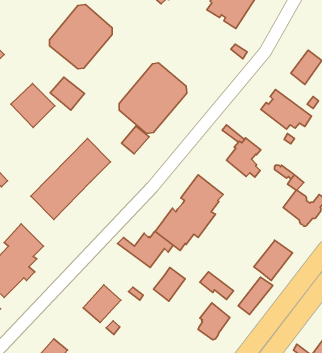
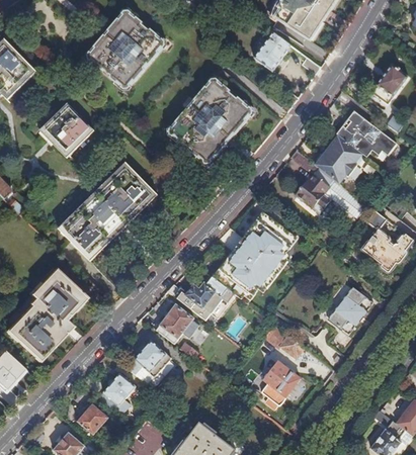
building: none -> [252,31,290,71]
building: [50,77,84,110] -> none
building: none -> [315,134,362,183]
building: [122,126,149,154] -> none
building: [153,268,185,301] -> [156,304,193,344]
building: [238,277,273,314] -> none
building: none -> [98,373,136,416]

